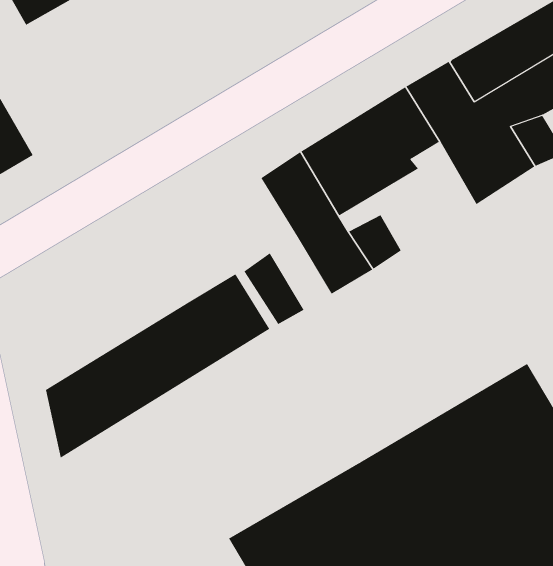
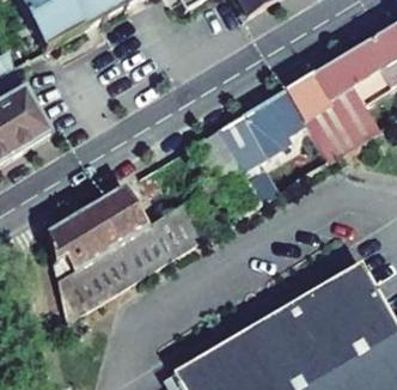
building: none -> [47,185,147,278]

